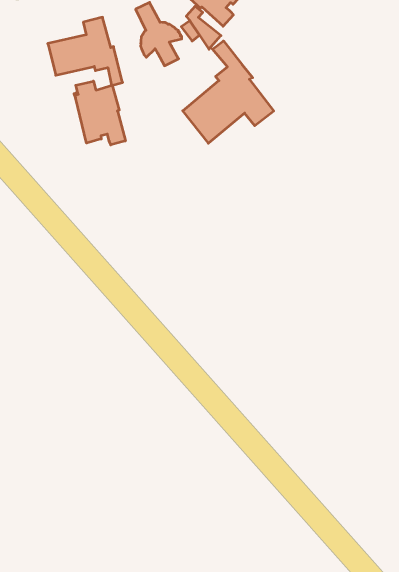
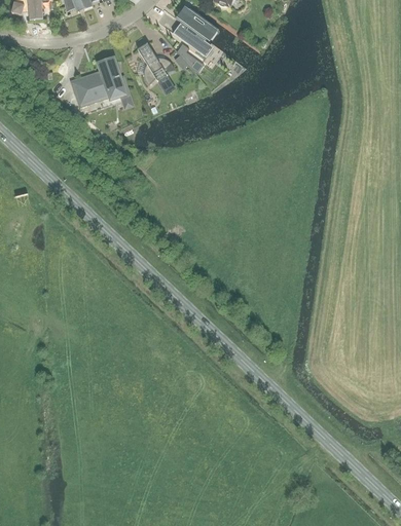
building: [183,41,274,143] -> none
building: [74,81,125,145] -> none

